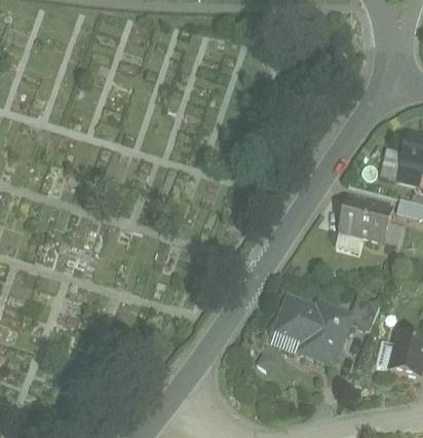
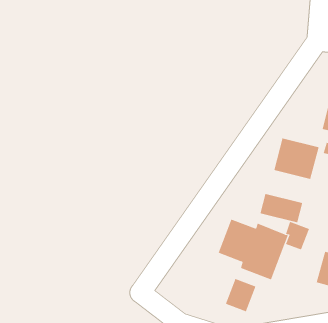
building: none -> [260,193,303,223]
building: none -> [225,278,256,312]

